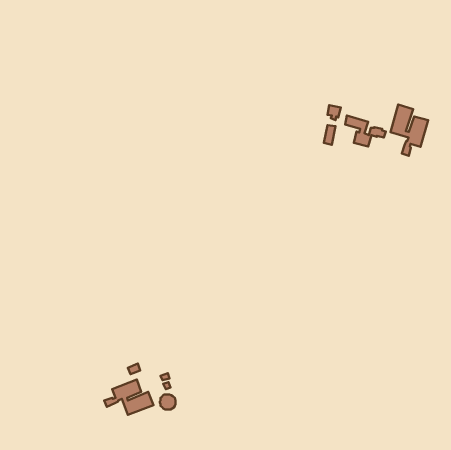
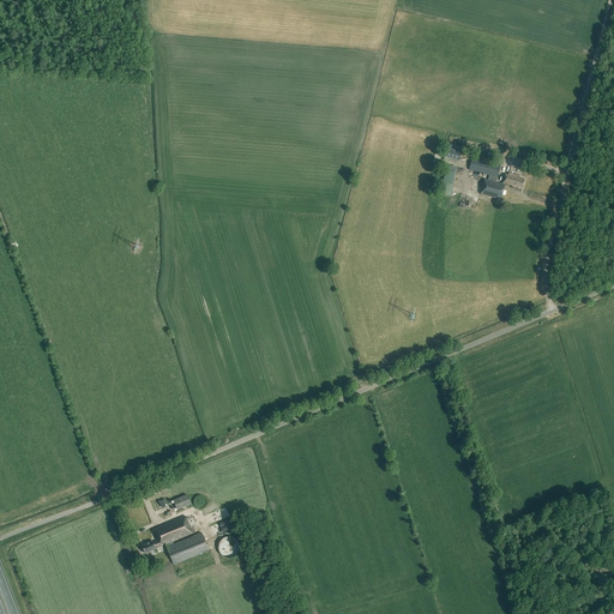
building: [390,105,428,156] -> none

